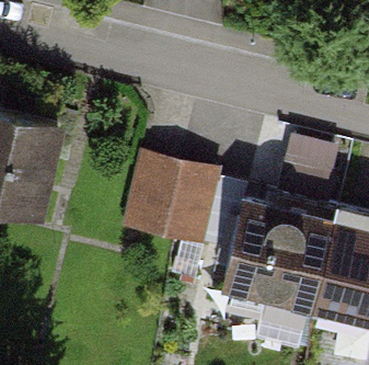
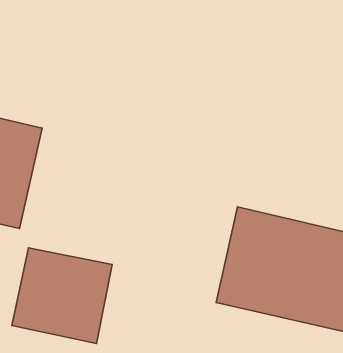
building: [125,162,217,250] -> [12,248,112,343]

